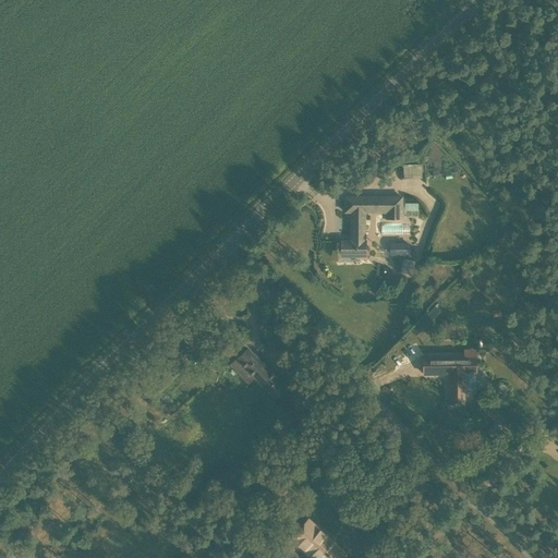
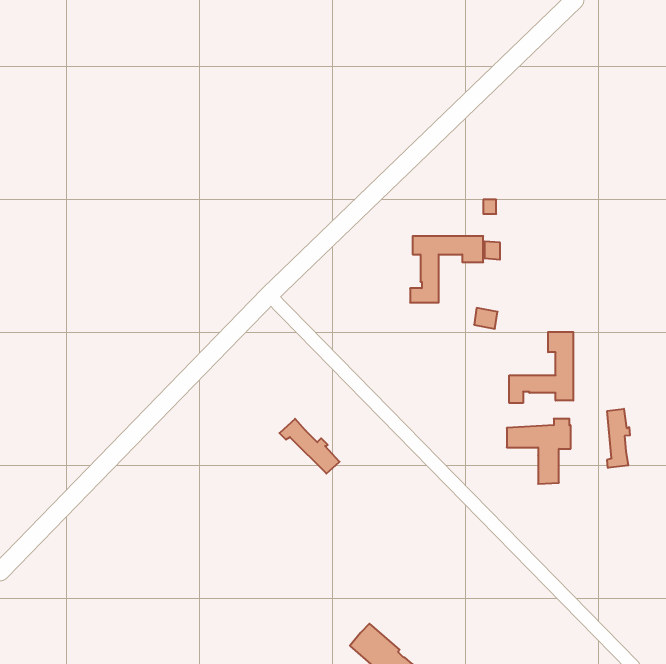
building: none -> [509,332,573,403]
building: none -> [607,409,630,468]

